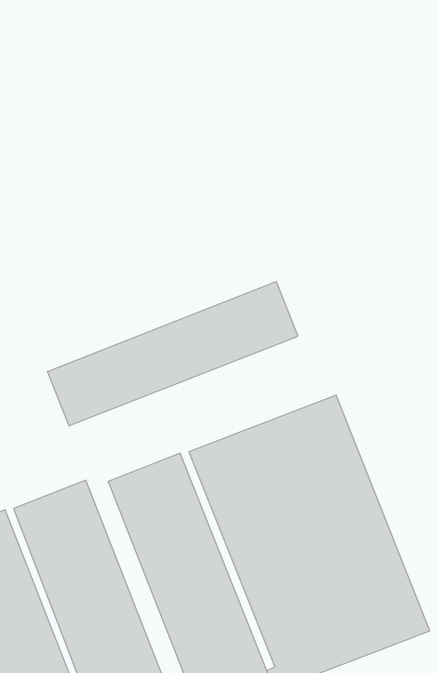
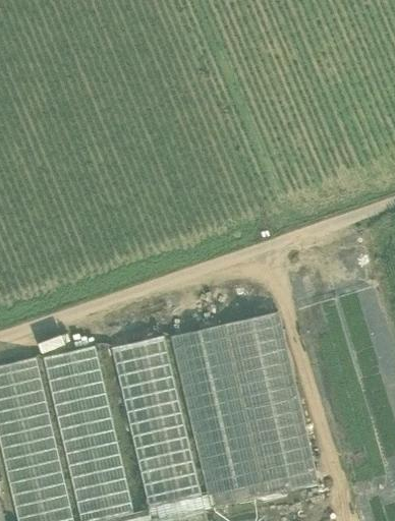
building: [48,282,298,426] -> none

